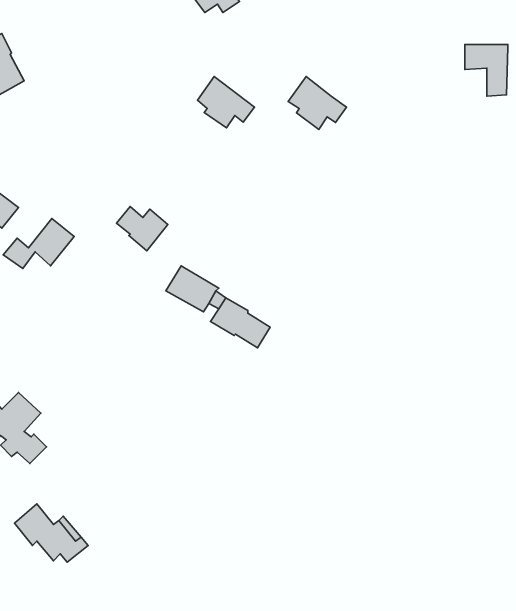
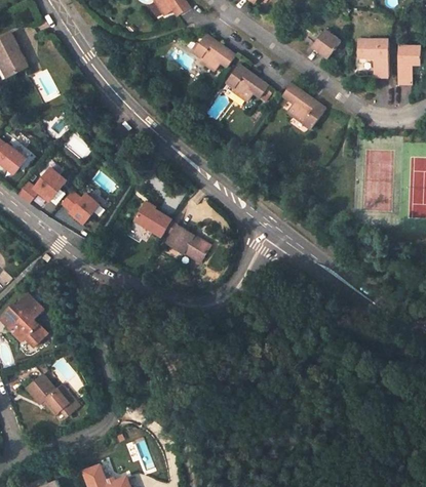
building: none -> [311,28,340,57]
building: [197,76,254,128] -> [193,33,235,71]
building: none -> [282,82,325,128]
building: [116,206,168,251] -> [62,191,100,224]

